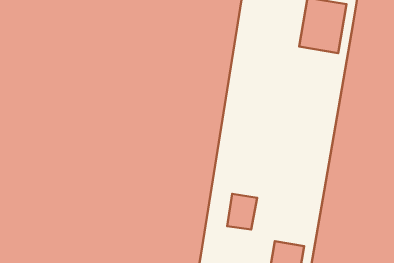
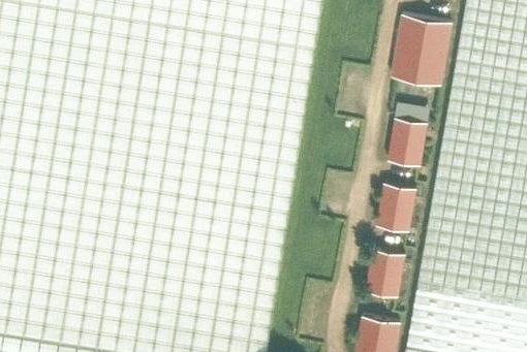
building: none -> [388,116,425,161]
building: none -> [377,182,413,227]
building: [227,194,257,229] -> [366,248,403,292]

